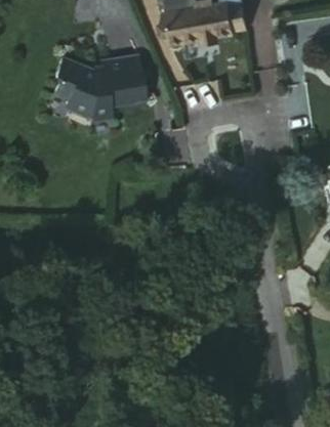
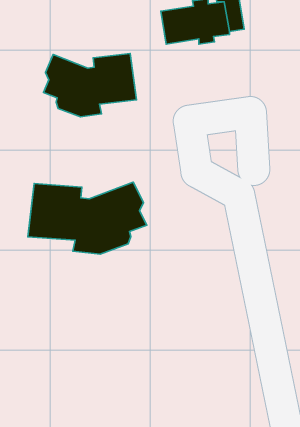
building: none -> [28,182,147,254]

